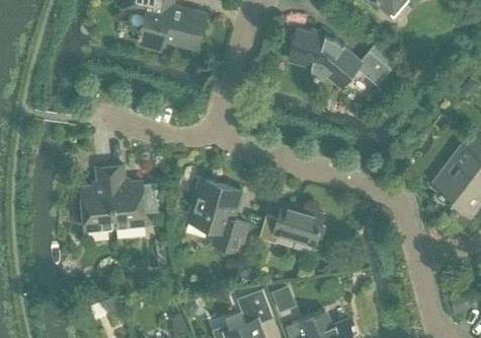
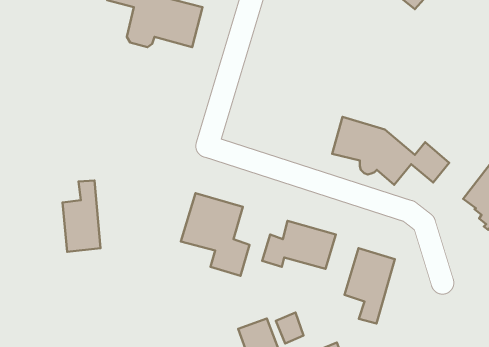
building: [287,27,390,87] -> [332,117,449,185]
building: [110,165,157,227] -> none
building: none -> [345,248,395,324]

